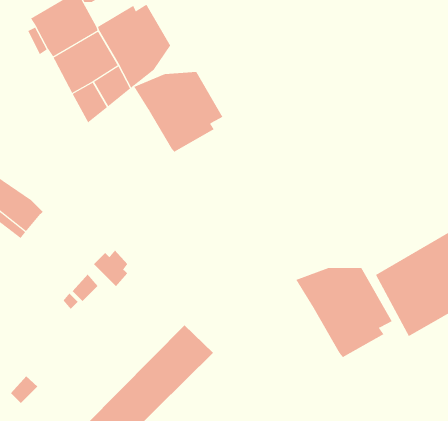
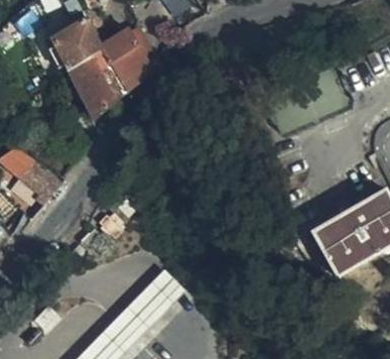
building: [133,71,223,152] -> none
building: [296,267,392,358] -> none

